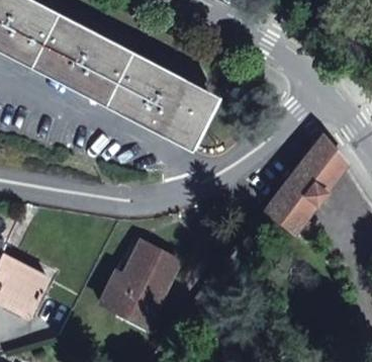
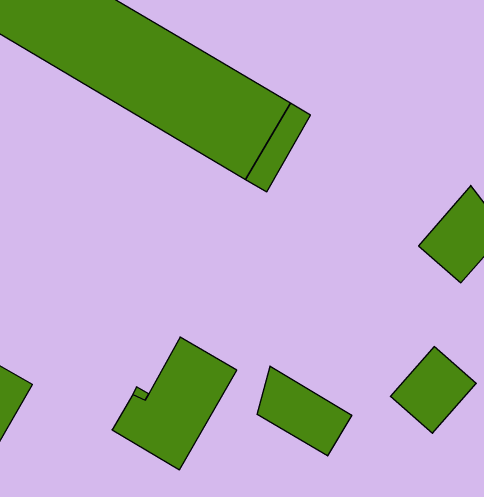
building: [264,177,318,233] -> [390,347,476,433]
building: none -> [257,366,352,456]

